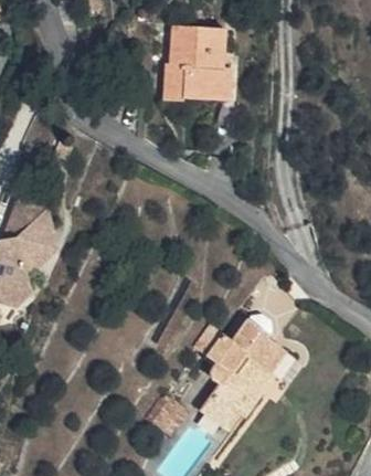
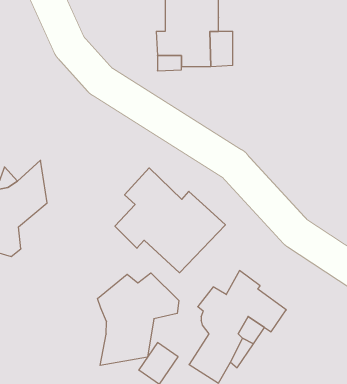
building: none -> [115,168,225,273]
building: none -> [98,273,179,365]

